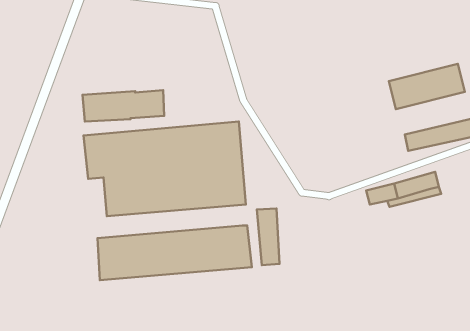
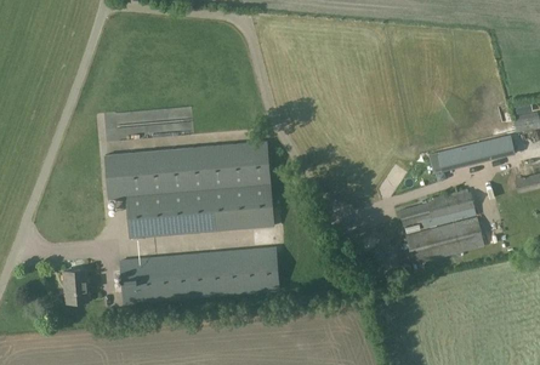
building: [389,64,465,109] -> [405,216,484,263]
building: [257,208,280,265] -> none
building: none -> [64,269,89,302]

